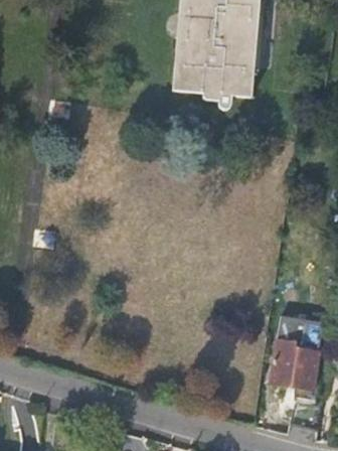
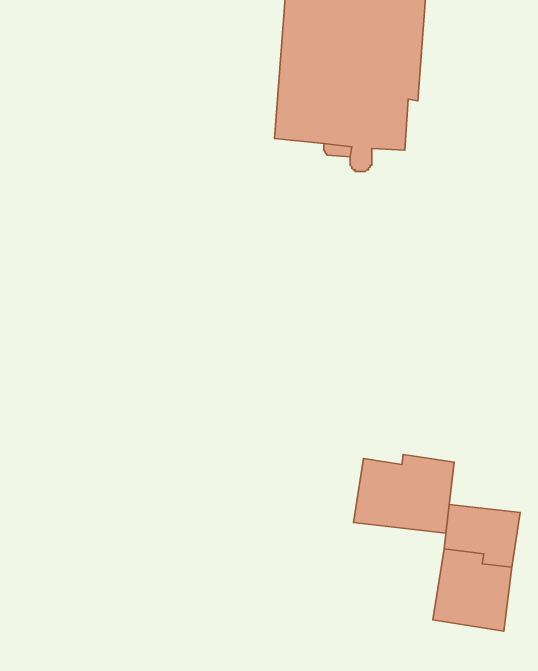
building: none -> [353,455,454,533]

